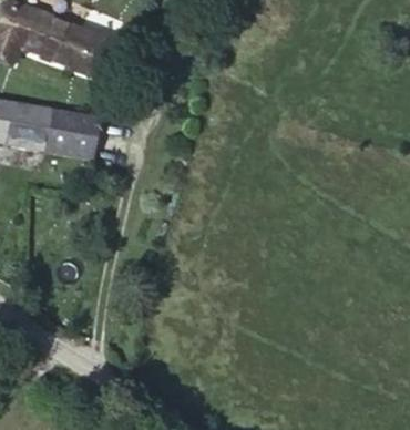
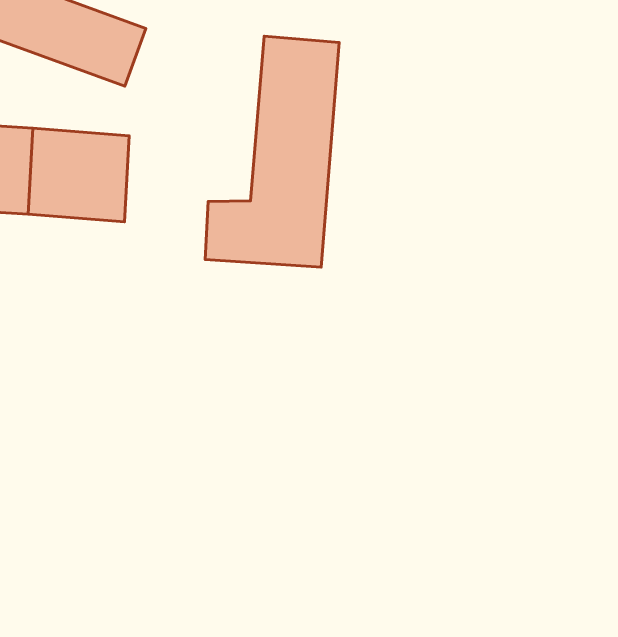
building: none -> [205,36,339,267]

